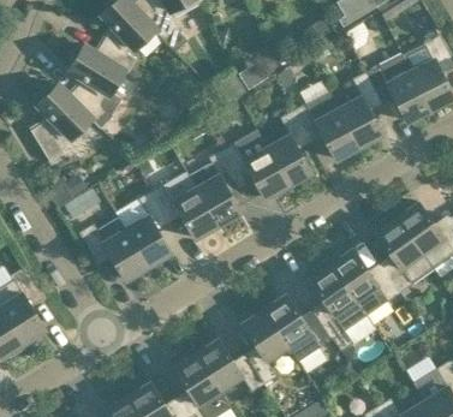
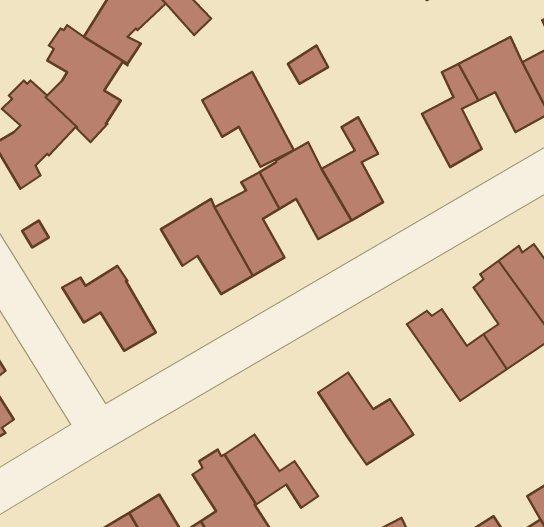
building: [293,91,359,160] -> [202,72,294,167]
building: [126,192,171,267] -> none
building: [309,261,366,352] -> none
building: [242,310,288,385] -> none

